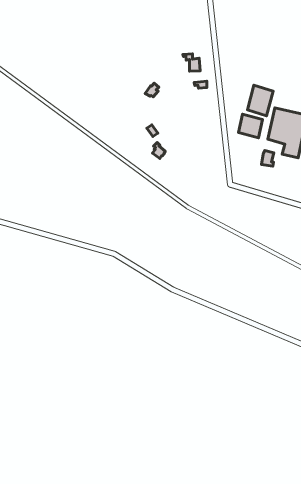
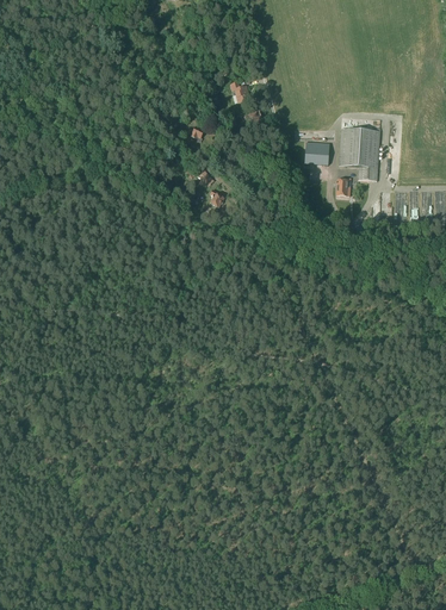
building: [247,85,273,116] -> none

